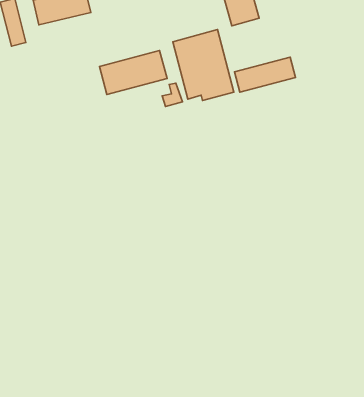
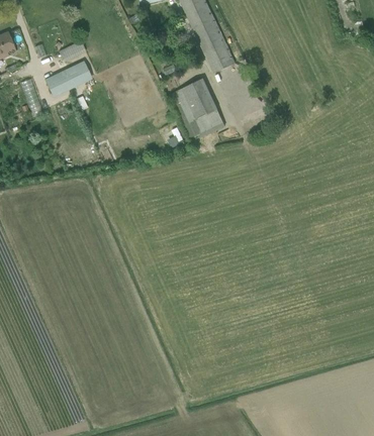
building: [99,51,167,94] -> none
building: [234,57,296,92] -> none

